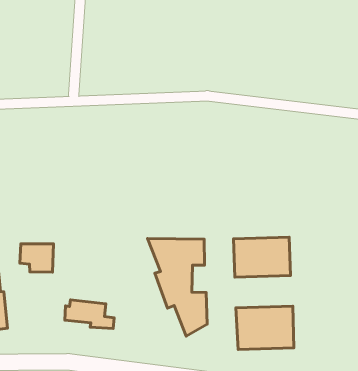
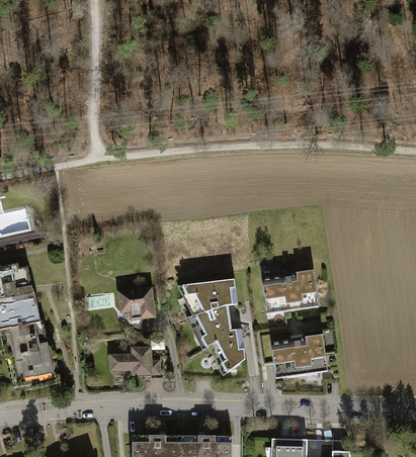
building: [20,244,53,272] -> [119,288,152,316]

